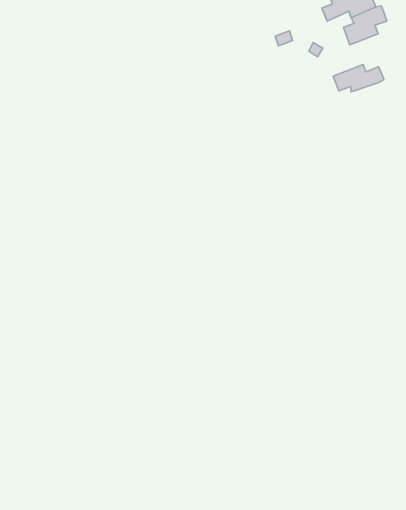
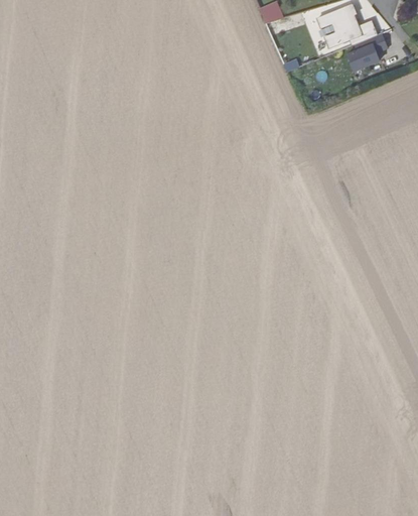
building: [333,65,384,92] -> none

